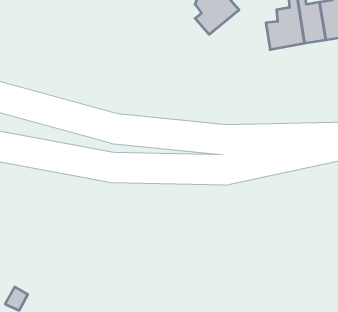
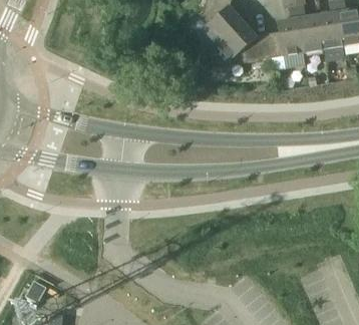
building: none -> [215,21,272,62]

